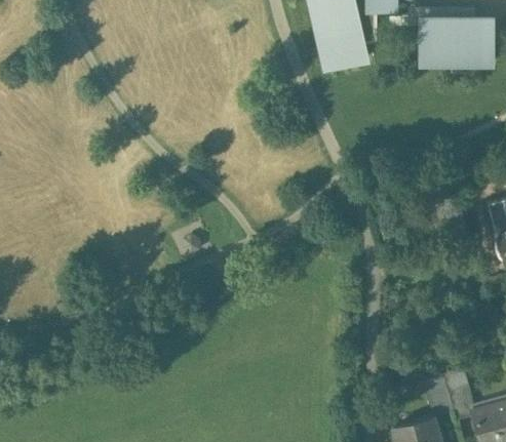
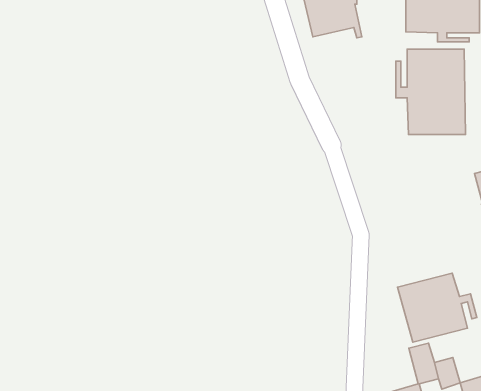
building: none -> [396,49,466,134]
building: none -> [397,273,477,342]

